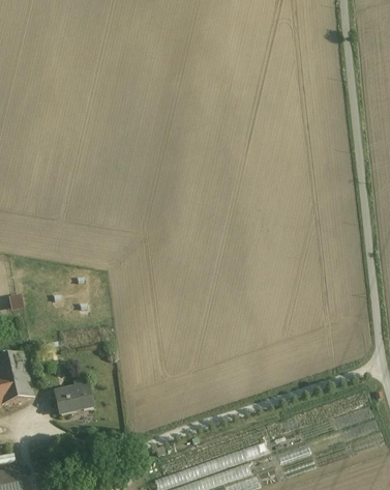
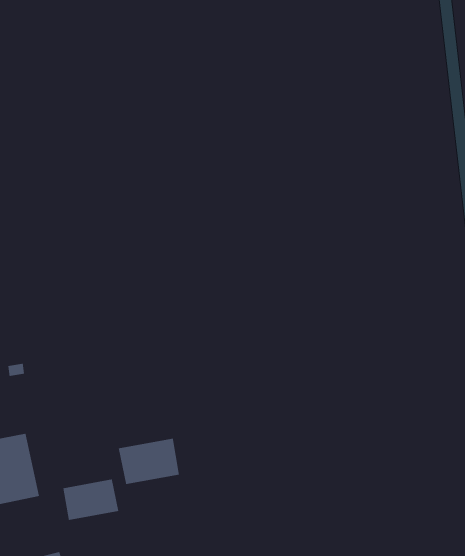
building: none -> [118,438,179,485]

